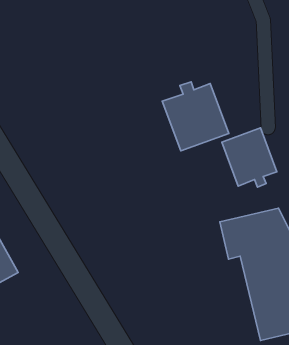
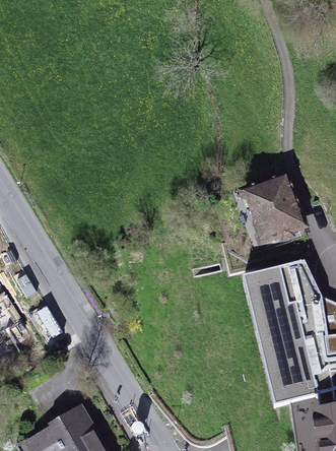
building: [162,82,229,151] -> none

